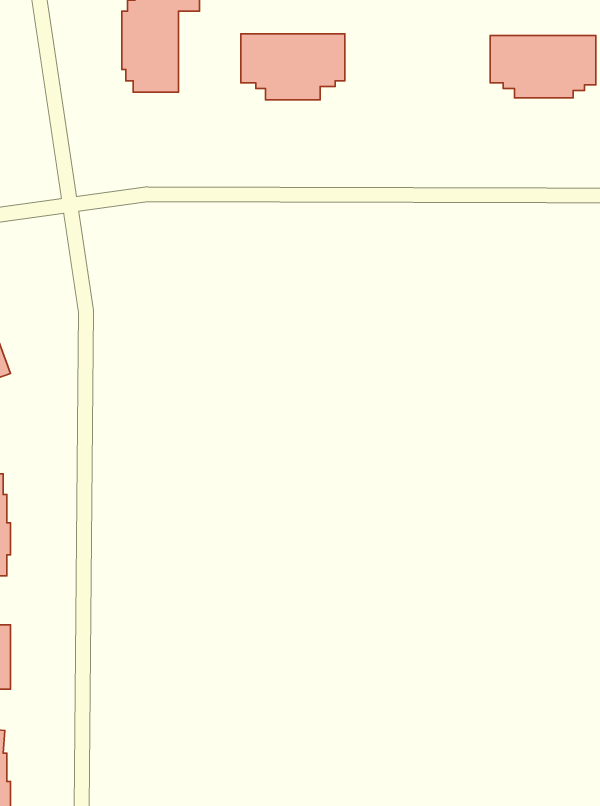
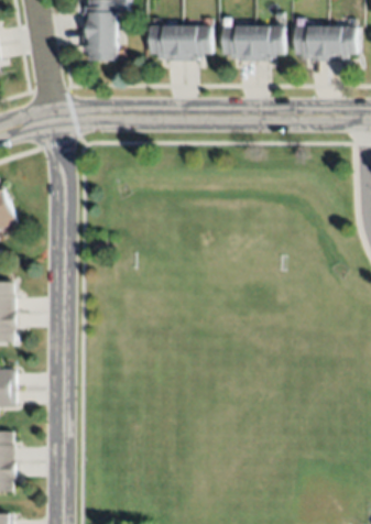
building: none -> [223,25,286,62]

